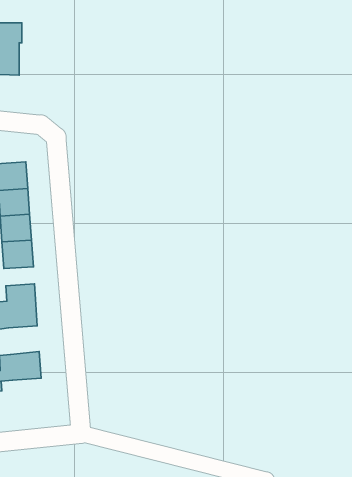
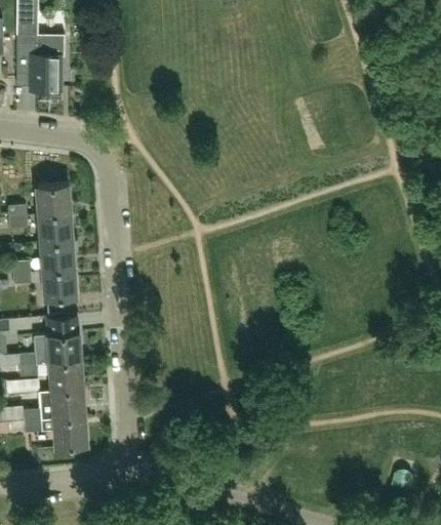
building: none -> [49,361,82,392]
building: none -> [53,417,86,448]

